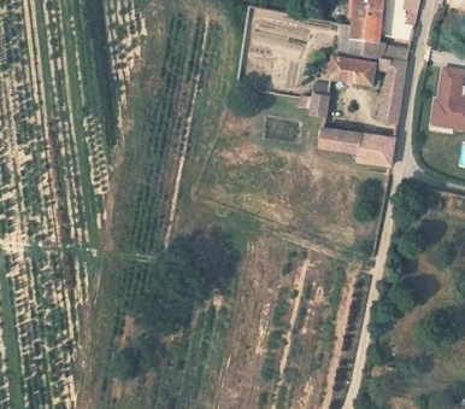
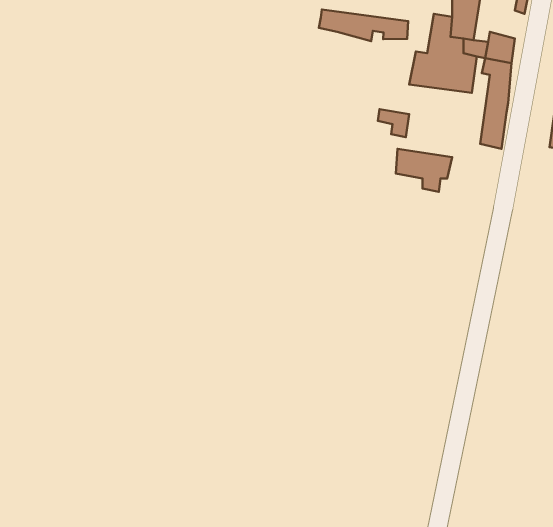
building: none -> [319,10,408,41]
building: [355,132,395,164] -> none

